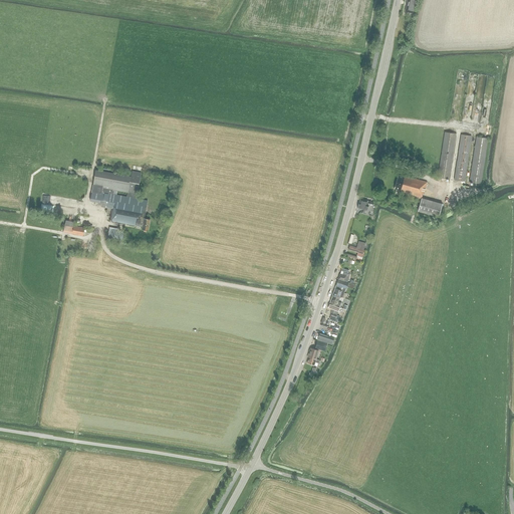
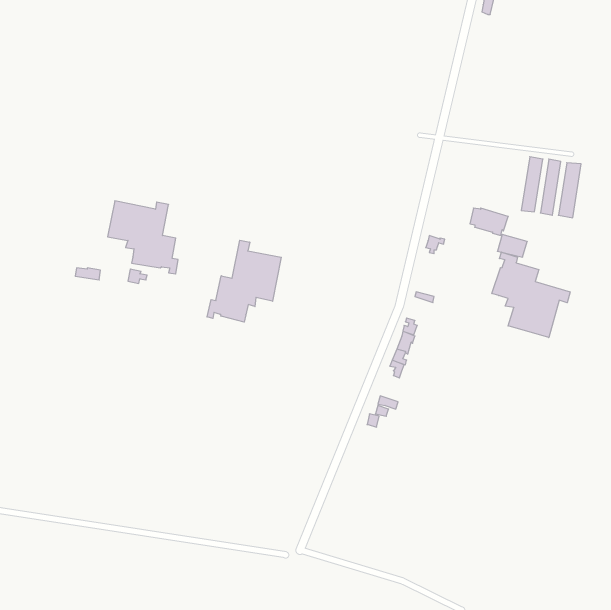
building: none -> [207,240,281,322]
building: none -> [492,252,570,338]

